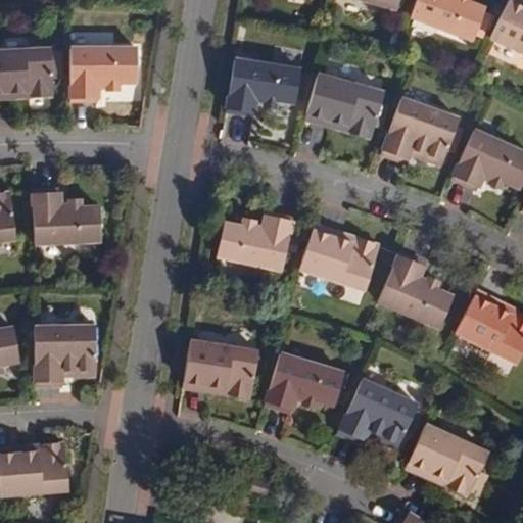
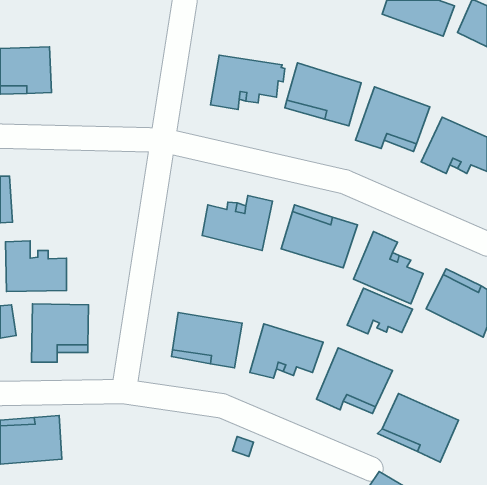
building: [69,49,138,103] -> none
building: [33,193,98,247] -> [5,241,66,291]
building: none -> [347,288,412,334]

